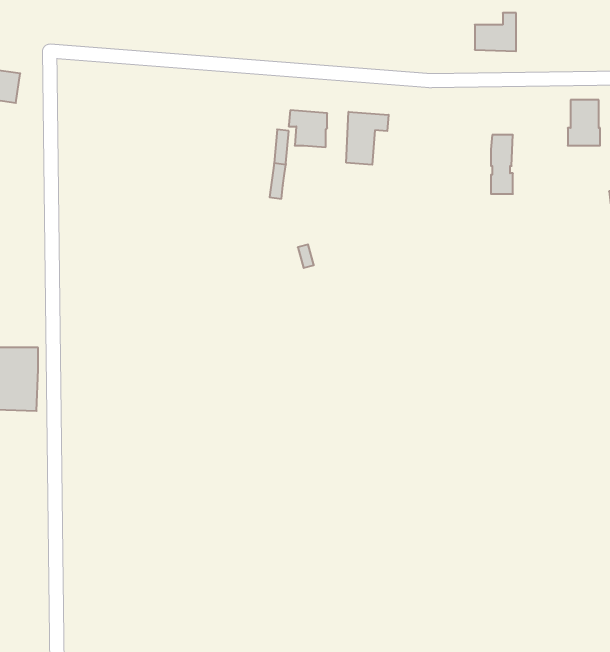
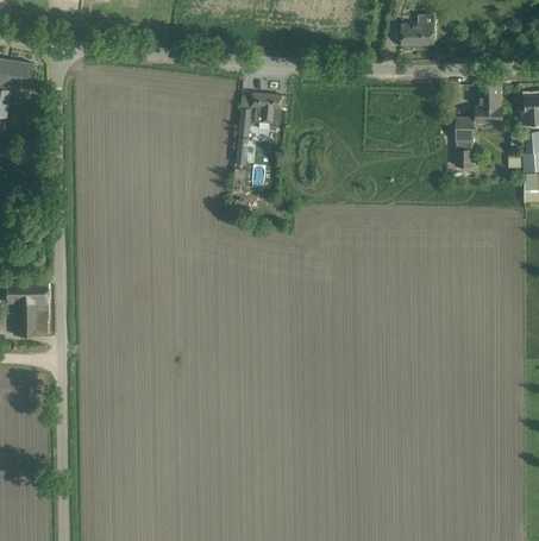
building: [346,112,389,165] -> none
building: [491,135,513,194] -> [456,118,474,165]

